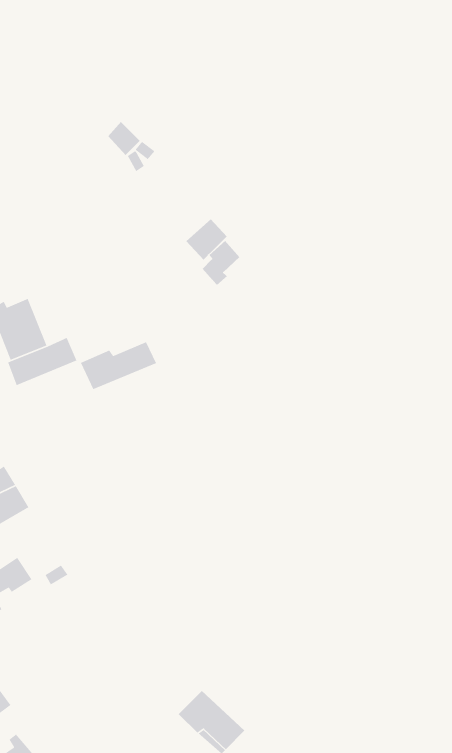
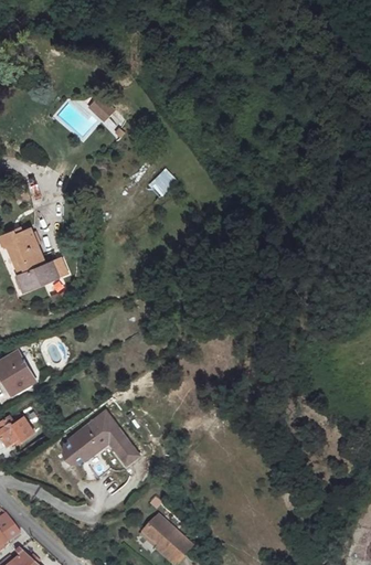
building: [202,240,240,286] -> none
building: [80,341,157,390] -> none
building: none -> [62,412,139,476]

